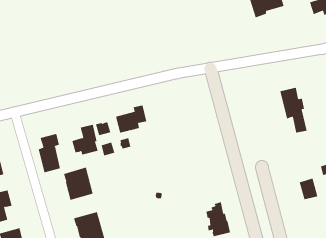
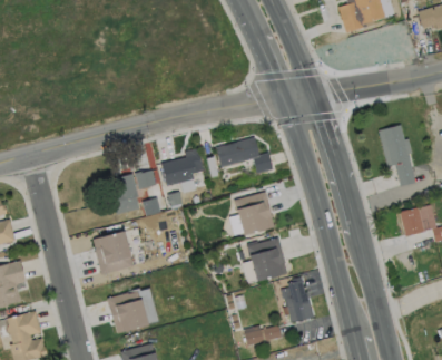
building: none -> [216,138,273,174]
building: [38,133,61,173] -> none
building: none -> [234,192,274,236]
building: none -> [246,239,287,282]
building: [299,178,318,200] -> [399,207,424,236]

